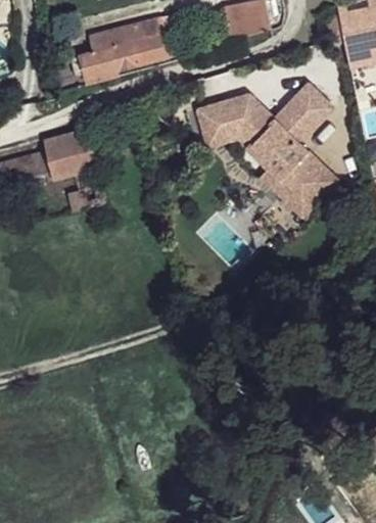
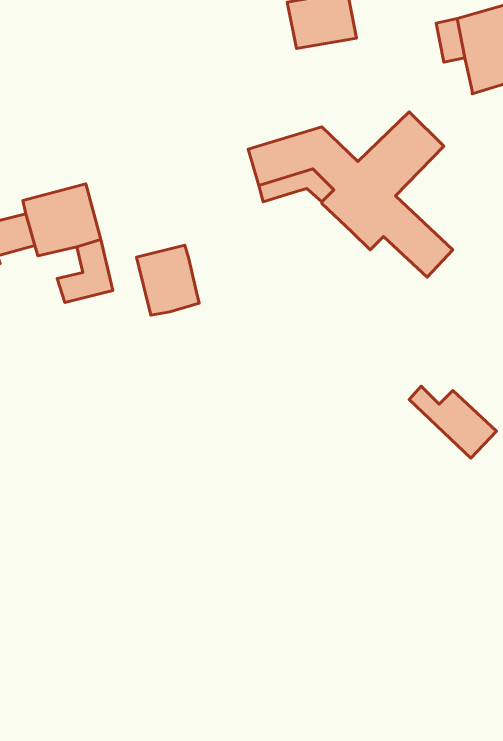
building: [78,17,172,86] -> none
building: [260,163,319,212] -> [409,386,496,458]
building: none -> [137,245,199,315]

